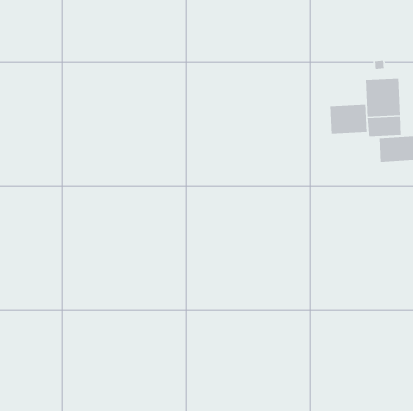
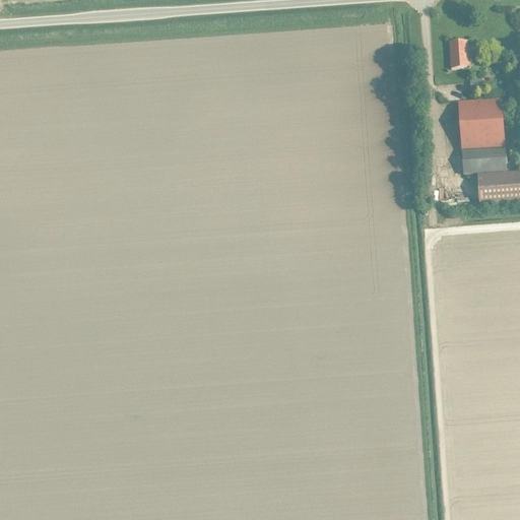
building: none -> [450,38,469,66]
building: [330,104,367,134] -> none

